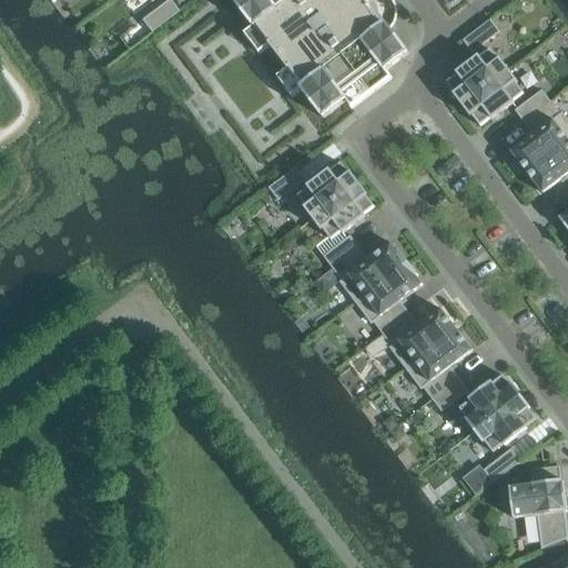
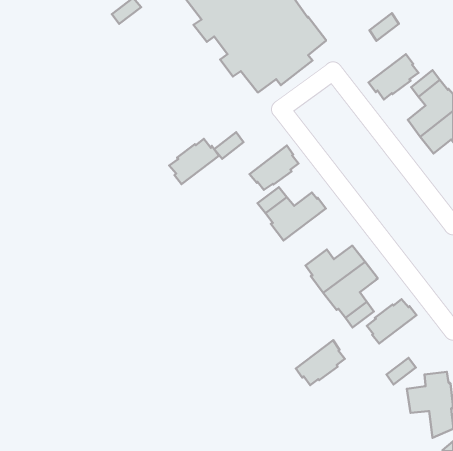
building: [446,48,507,103] -> none
building: [296,161,358,217] -> [169,139,219,184]
building: [354,261,422,332] -> none
building: [474,394,535,450] -> [296,340,345,385]

